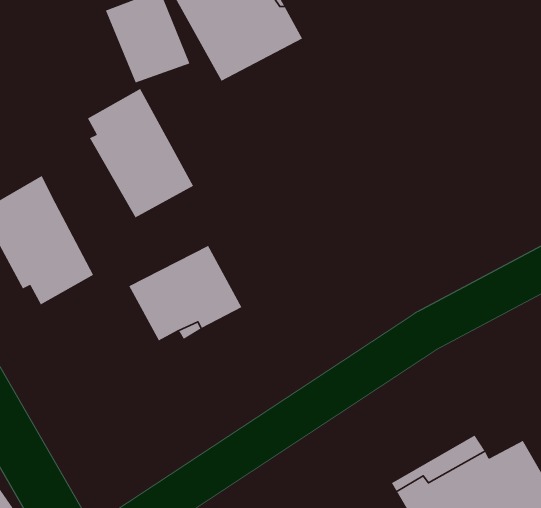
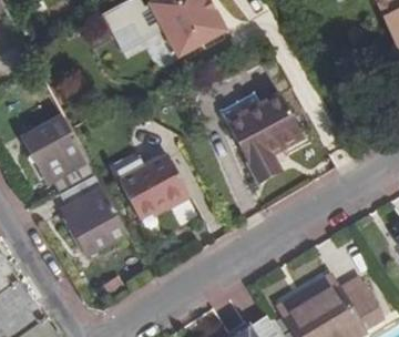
building: [87,88,194,219] -> [61,175,127,256]
building: none -> [223,90,300,176]

